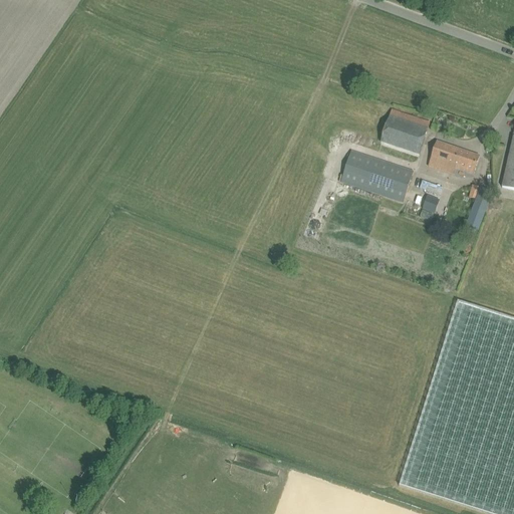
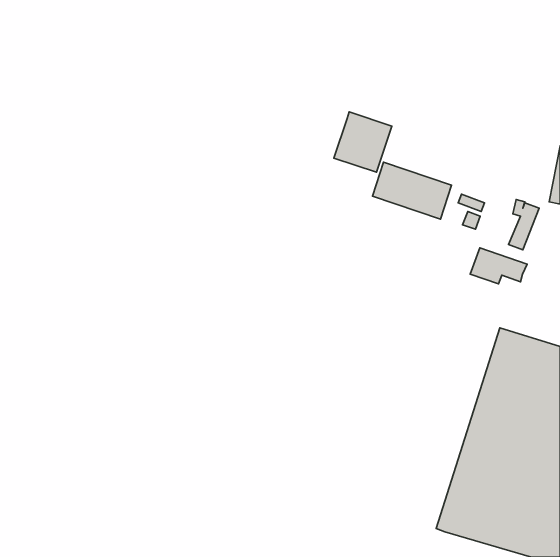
building: [377,106,431,162] -> [334,112,392,172]
building: [428,140,480,173] -> [470,248,527,284]

